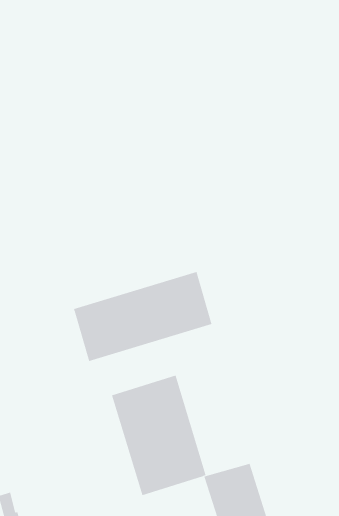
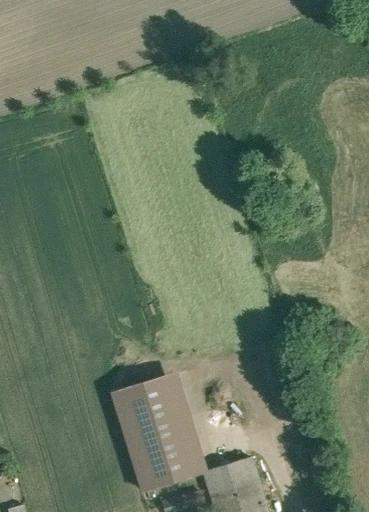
building: [73,271,212,362] -> none

